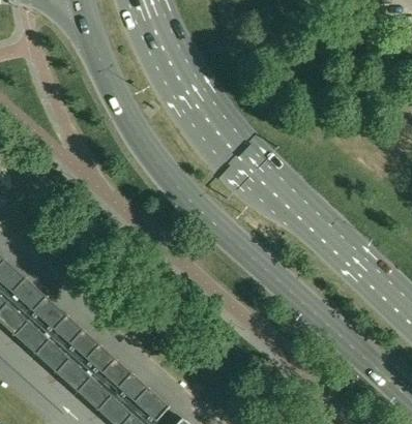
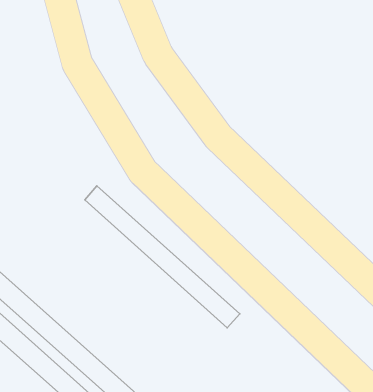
building: none -> [85,186,240,328]

